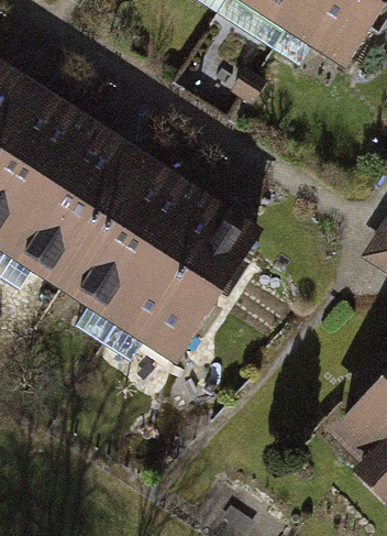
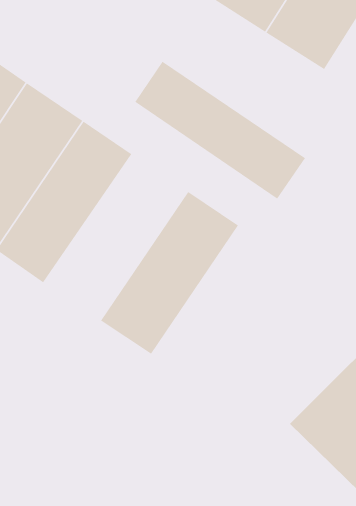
building: none -> [135,61,306,199]
building: [56,167,204,339] -> none

